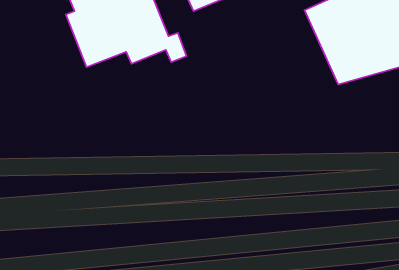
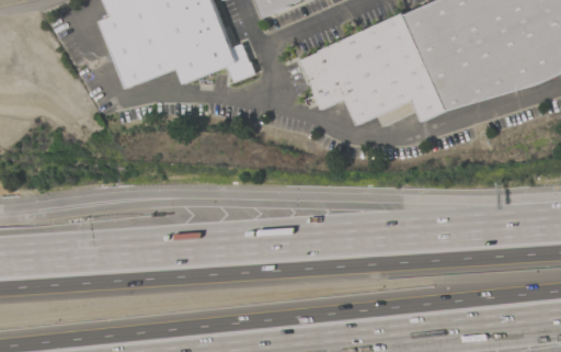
building: none -> [299,13,446,124]

